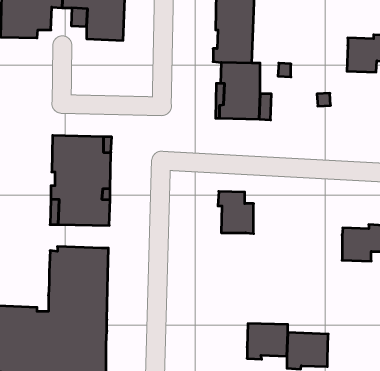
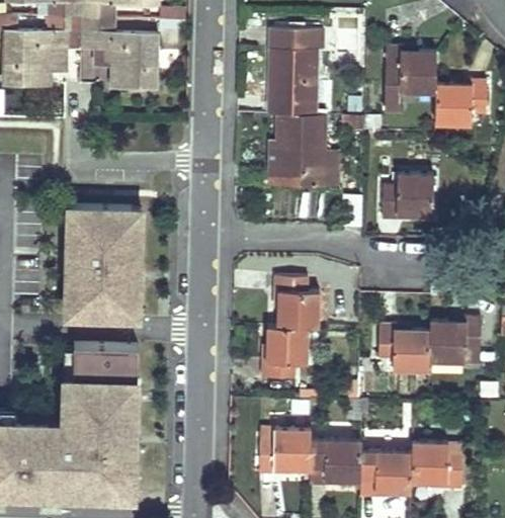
building: none -> [385,48,436,114]
building: none -> [381,174,433,219]
building: none -> [377,325,428,372]
building: none -> [261,327,308,378]
building: none -> [258,429,311,476]
building: none -> [410,444,461,490]

